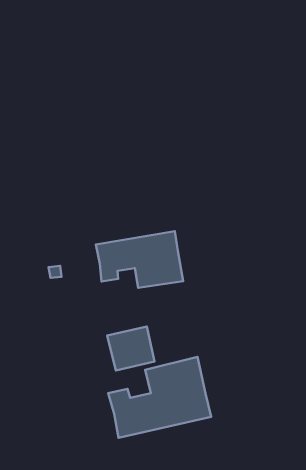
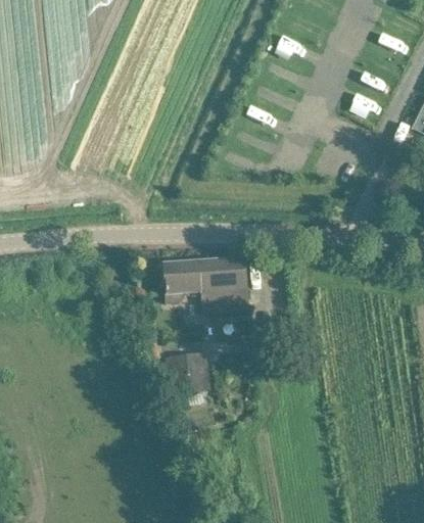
building: [108,357,211,438] -> none

